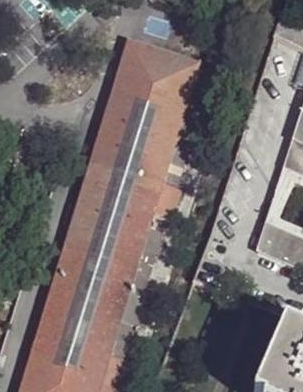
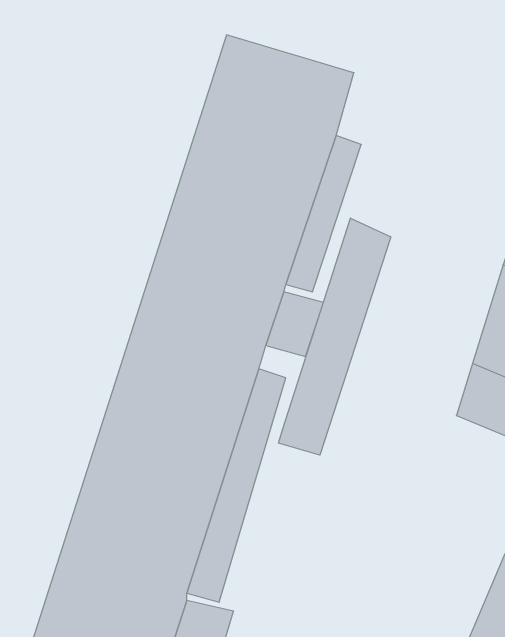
building: none -> [279,218,391,455]

